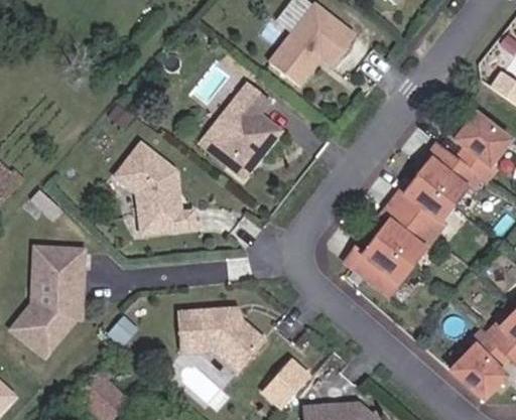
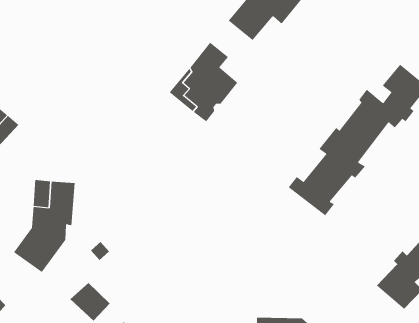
building: [119,145,200,244] -> none
building: [178,308,263,371] -> none
building: [256,355,308,408] -> none

